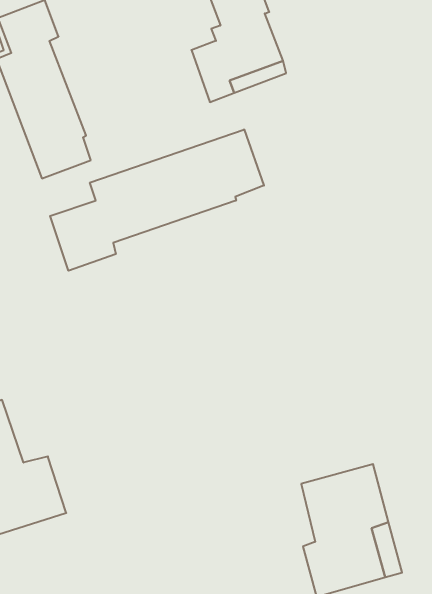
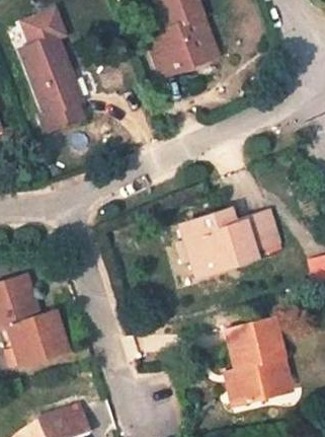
building: [50,129,264,271] -> none
building: none -> [181,210,279,276]

